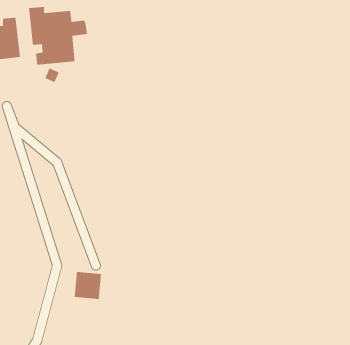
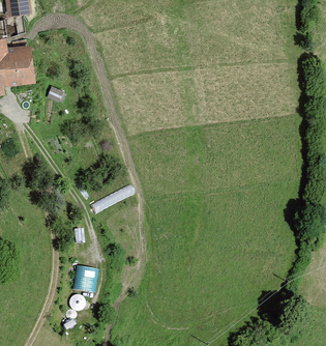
building: [29,6,87,65] -> none

